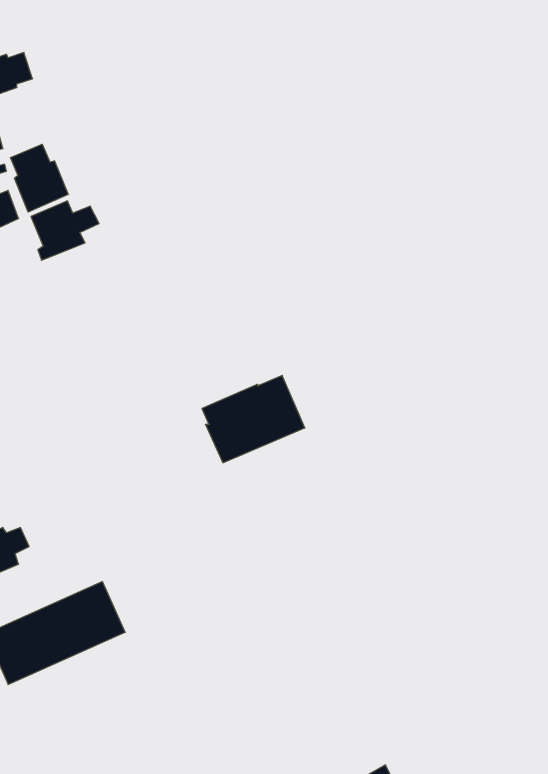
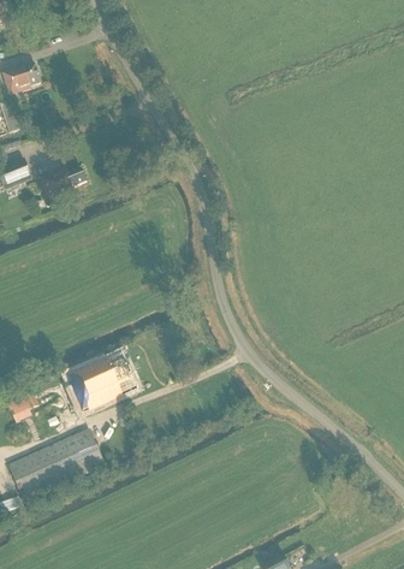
building: [10,144,68,212] -> none
building: [202,375,305,463] -> [66,350,137,410]

